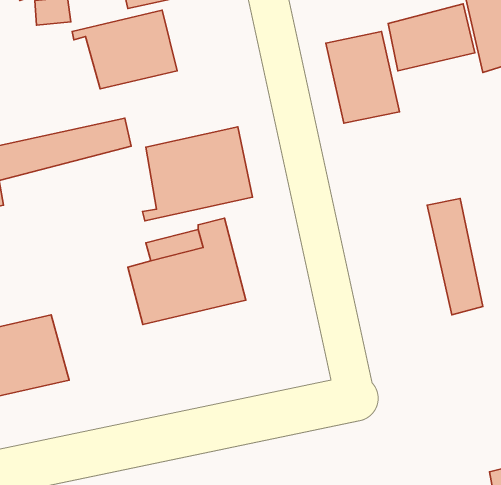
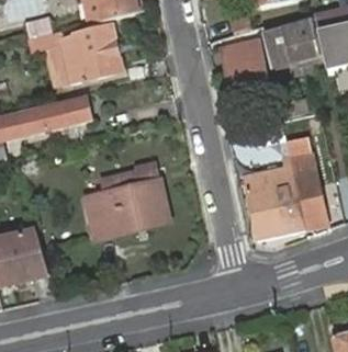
building: [142,127,253,221] -> none
building: none -> [244,156,305,239]

